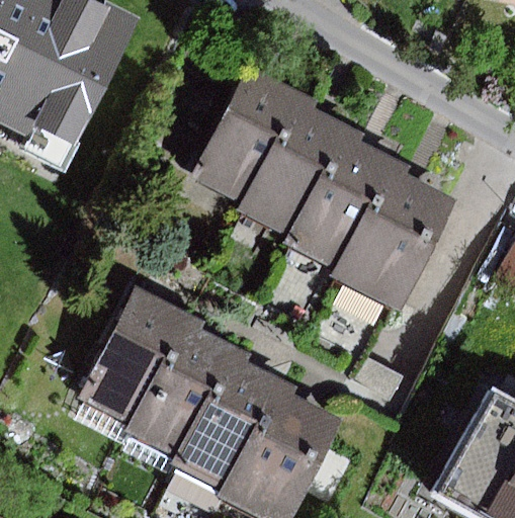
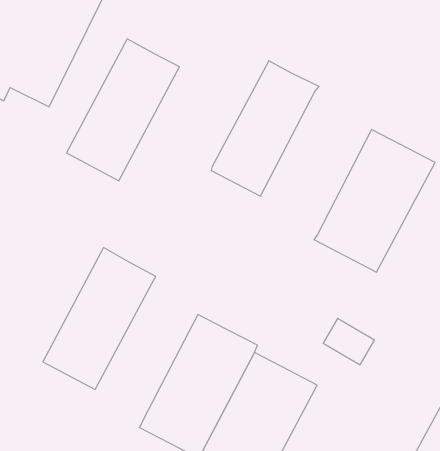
building: [188,66,299,205] -> [66,39,179,181]
building: [284,132,400,273] -> none
building: [123,321,229,454] -> none

